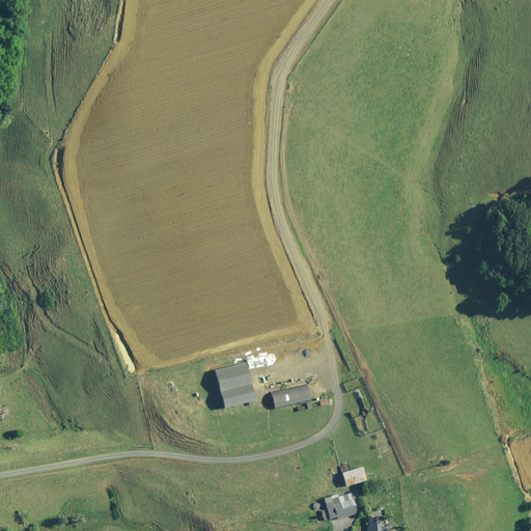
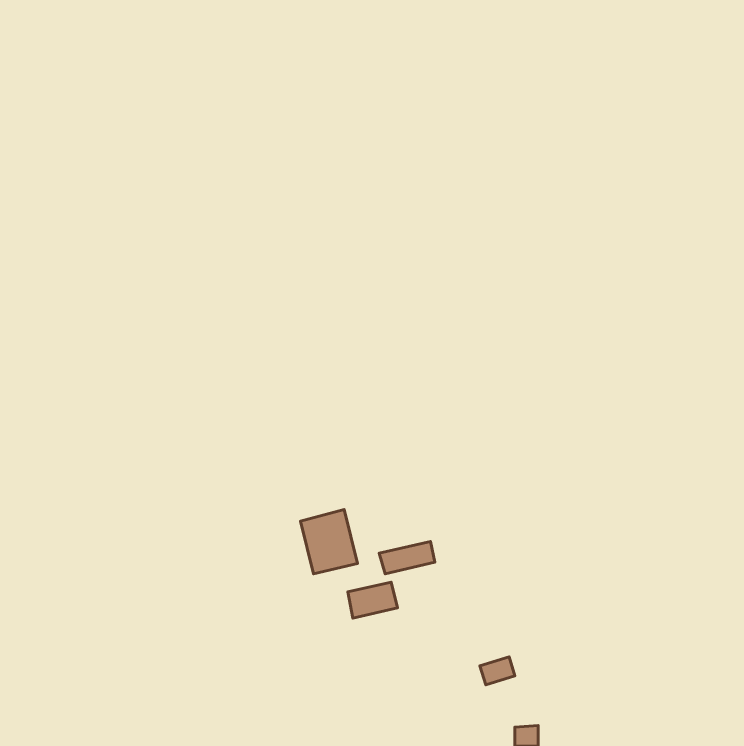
building: none -> [348,582,397,618]
building: [325,494,357,519] -> none

